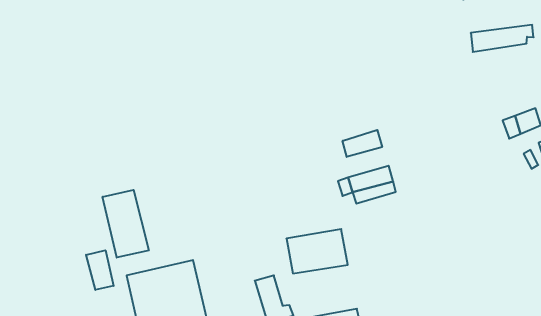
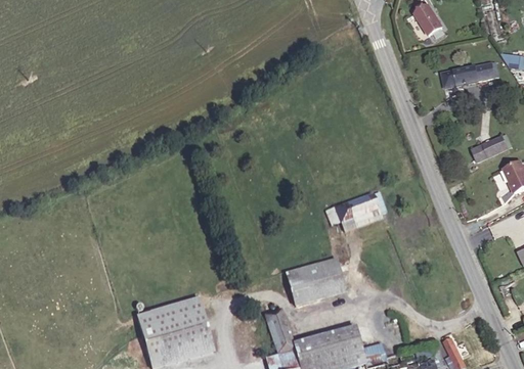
building: [343,130,382,157] -> none
building: [103,190,149,258] -> none
building: [86,250,114,290] -> none

